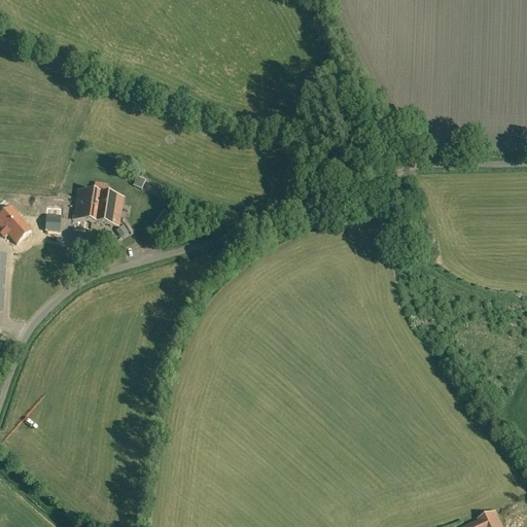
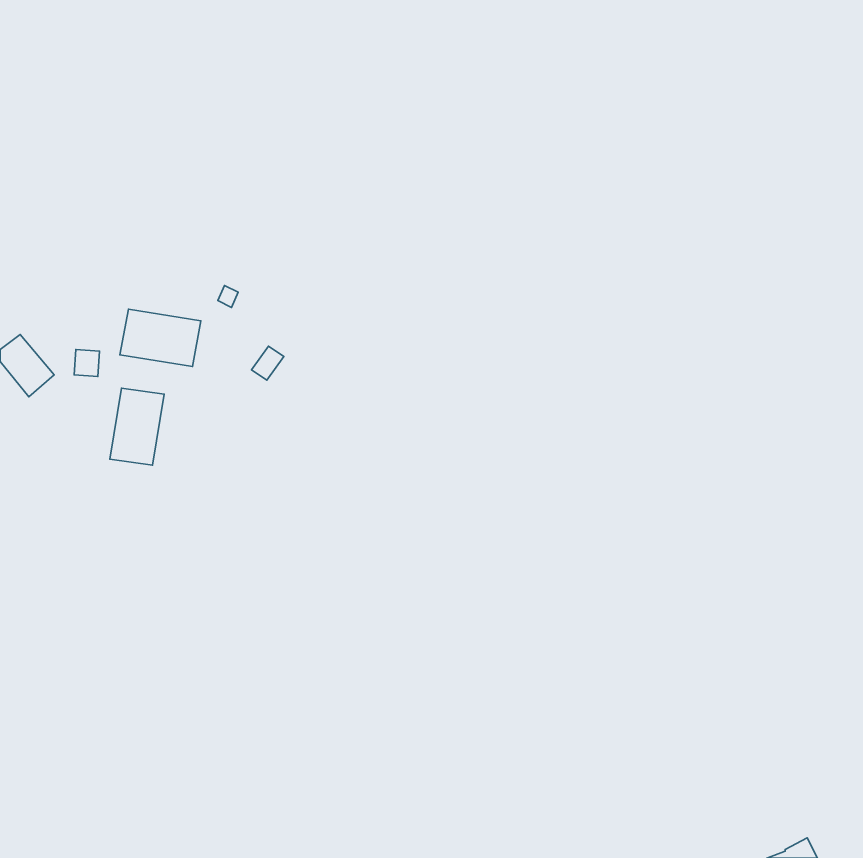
building: none -> [110,388,164,465]

